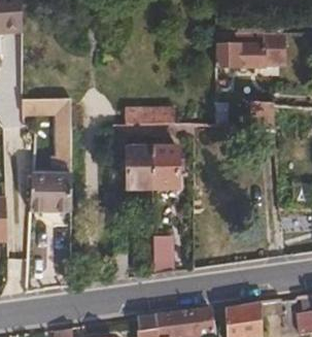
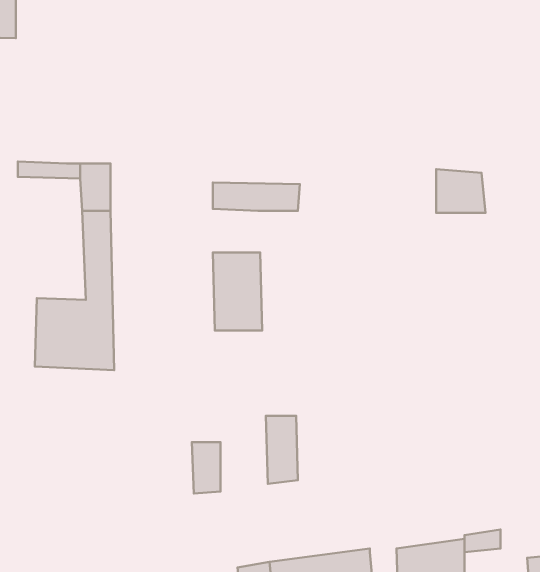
building: [214,32,286,70] -> none
building: [151,147,177,190] -> none

